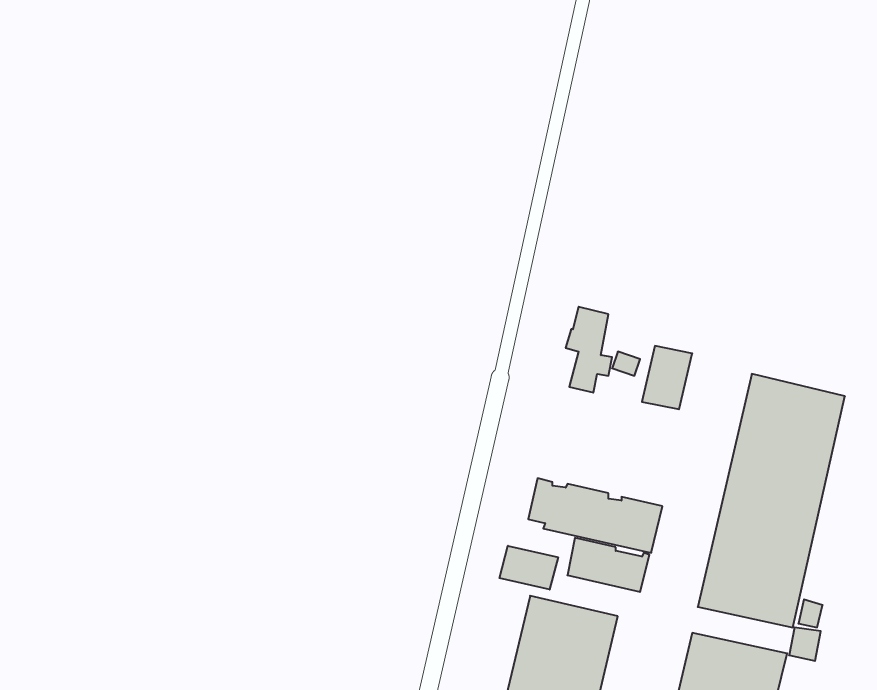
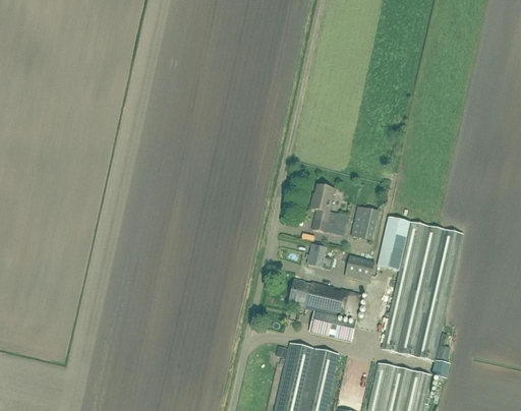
building: none -> [378,217,409,269]
building: none -> [306,244,333,270]
building: none -> [344,255,373,281]
building: [499,546,558,590] -> none

